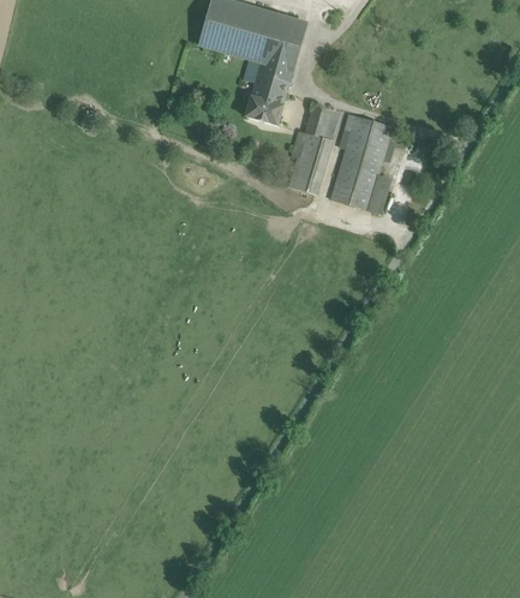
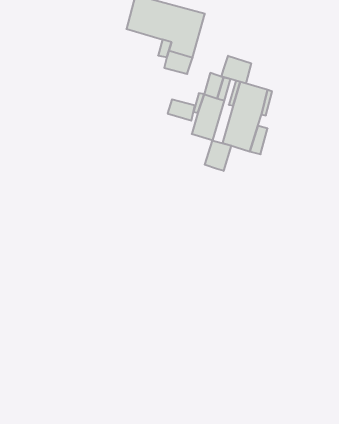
building: none -> [222,56,251,83]
building: [245,96,282,125] -> [168,99,195,121]
building: none -> [205,141,231,171]

